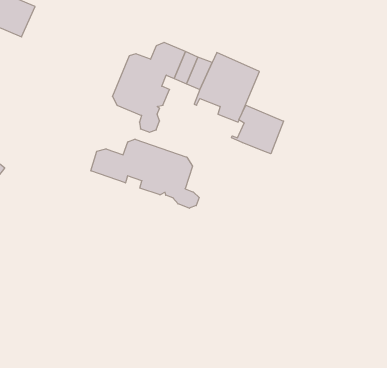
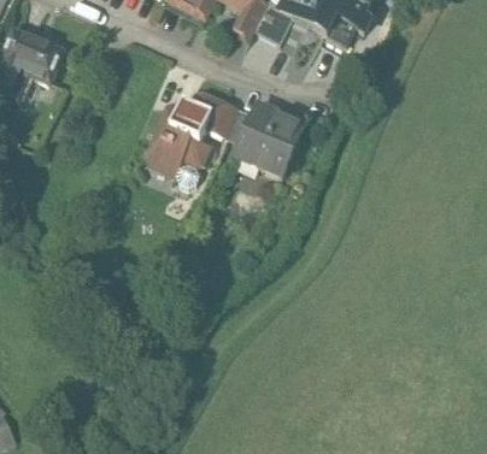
building: [232,105,284,154] -> none
building: [91,139,199,208] -> none

